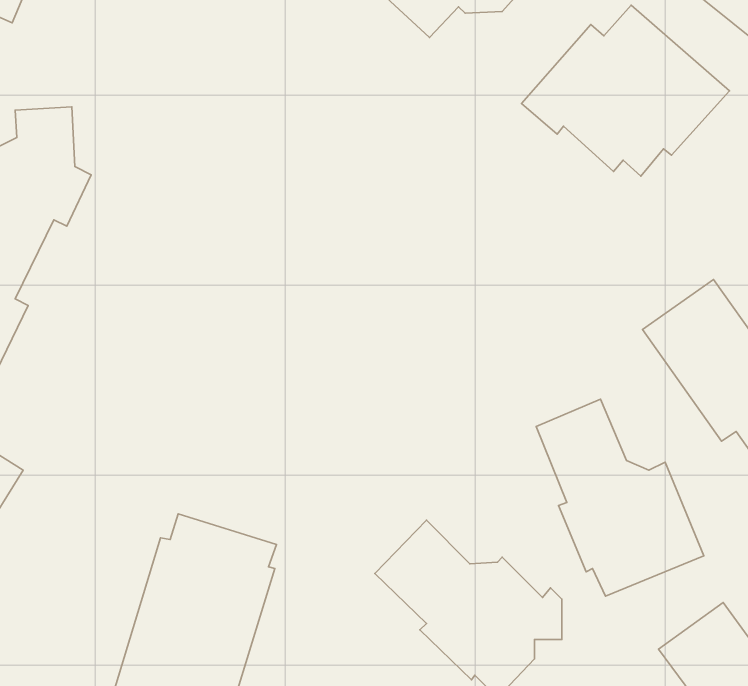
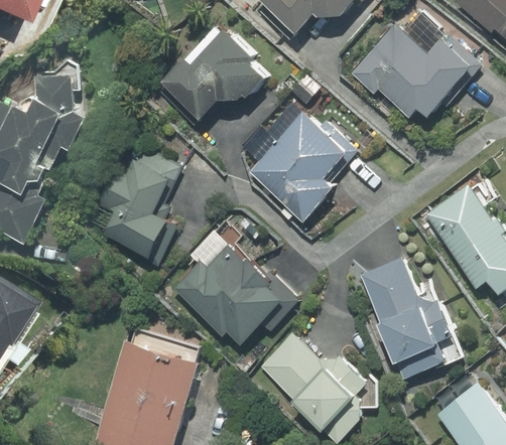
building: none -> [159,24,263,118]
building: none -> [249,113,358,218]
building: none -> [92,147,180,263]
building: none -> [171,219,299,343]

